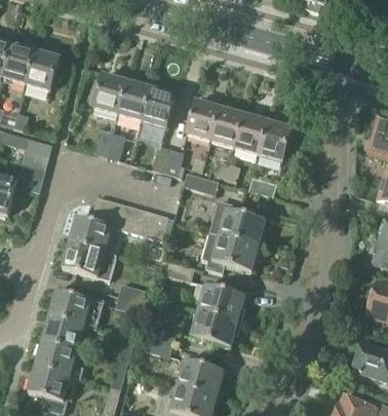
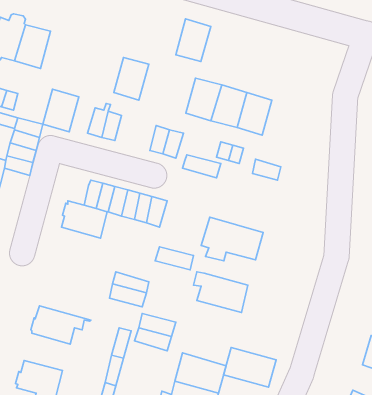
building: [93,74,127,114] -> [43,89,79,132]
building: [142,87,174,127] -> [176,19,211,61]
building: [258,121,290,161] -> none
building: [208,199,266,245] -> none
building: [60,240,116,280] -> none
building: [48,289,104,328] -> none
building: [189,309,238,346] -> [224,348,276,387]
building: [34,340,83,378] -> none

